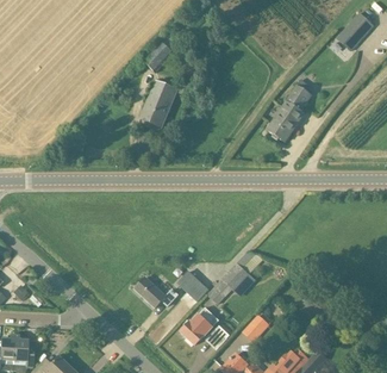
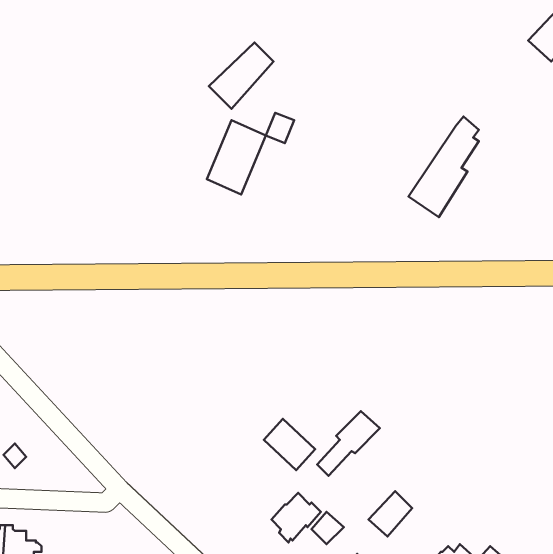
building: [135,276,179,307] -> none

